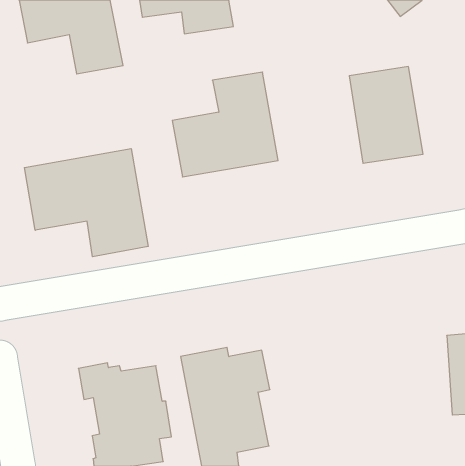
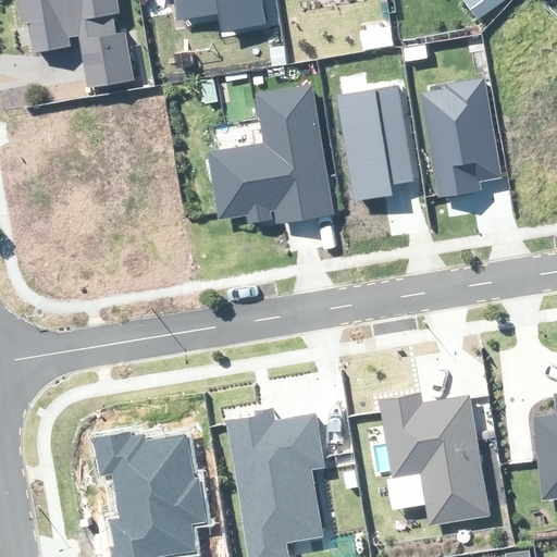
building: none -> [338,86,416,201]
building: [24,149,148,257] -> none
building: none -> [374,389,496,516]

